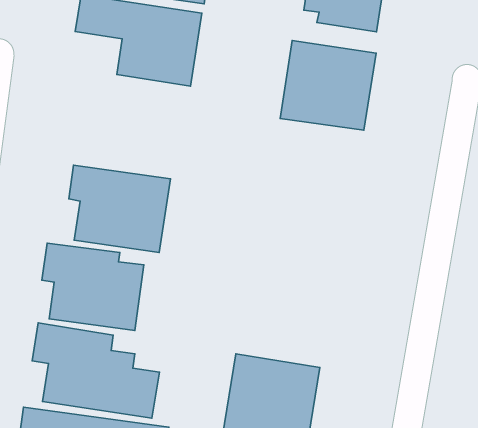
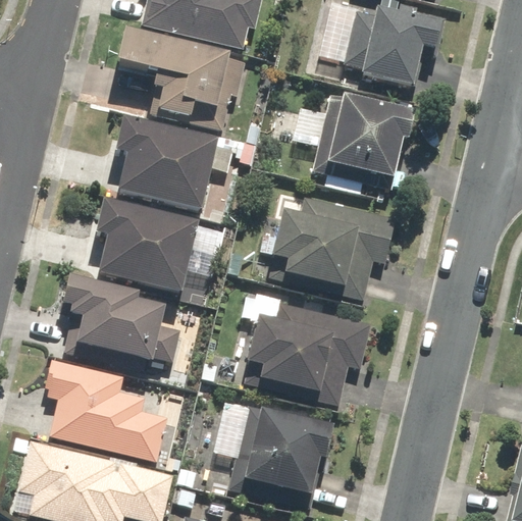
building: none -> [112,118,217,213]
building: none -> [265,195,398,299]
building: none -> [245,299,372,405]

